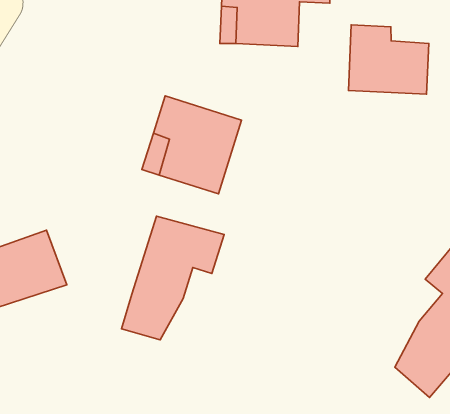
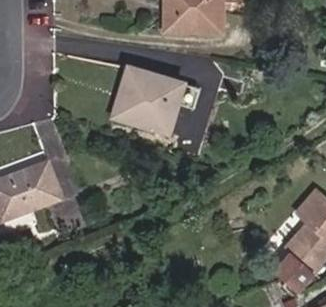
building: [349,25,429,94] -> none
building: [121,216,224,340] -> none

